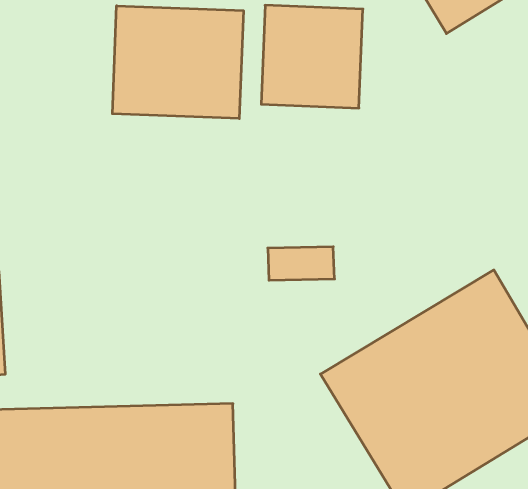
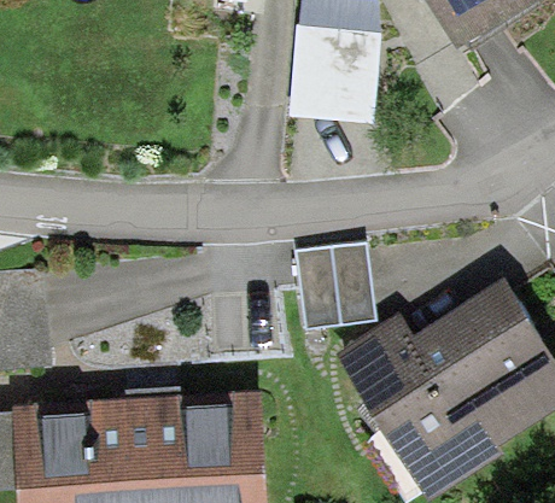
building: [112,6,243,119] -> none

